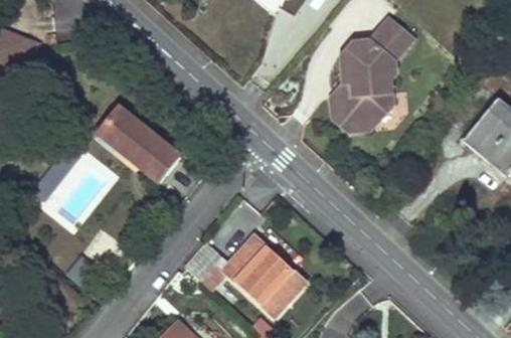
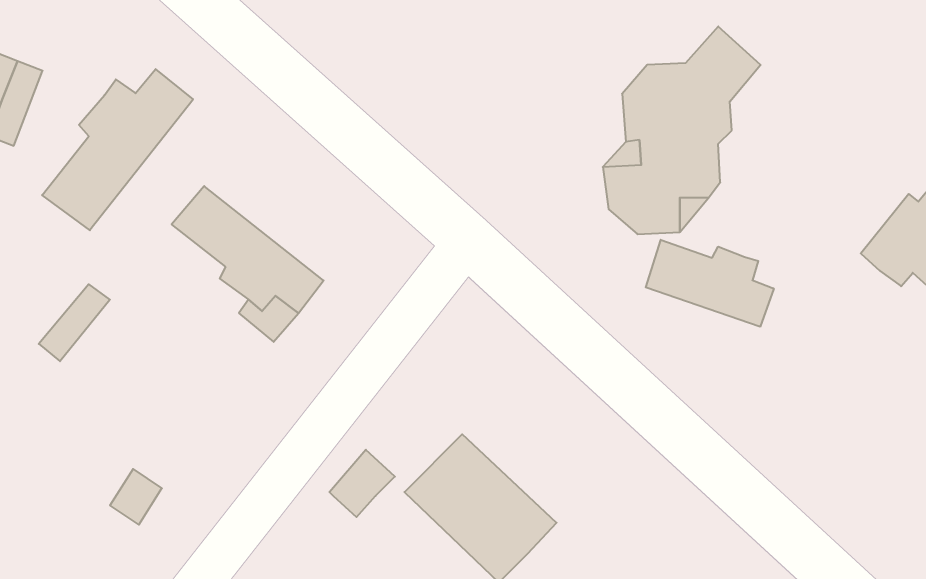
building: none -> [42,69,193,230]
building: none -> [646,240,774,327]

